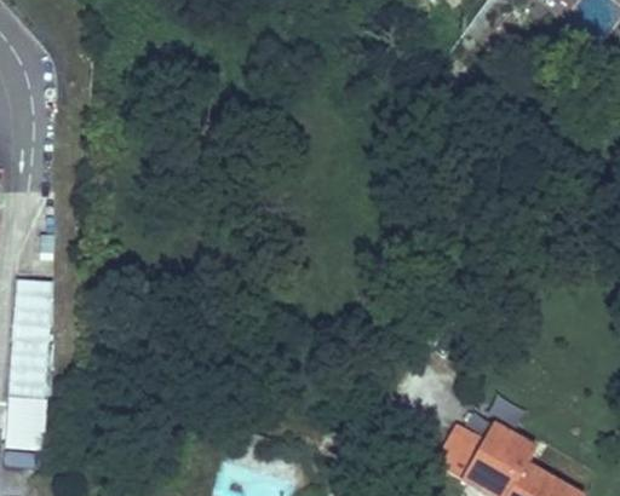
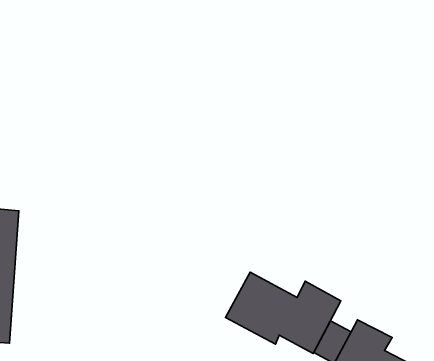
building: none -> [225,272,341,354]

